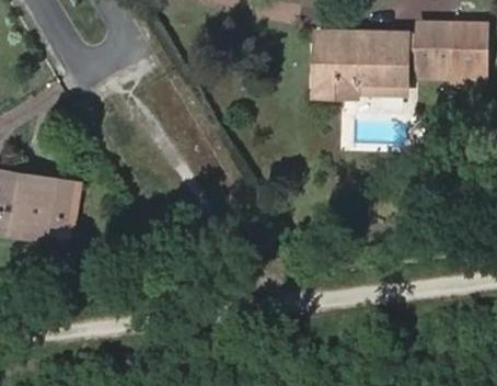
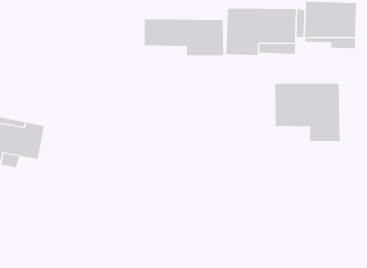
building: none -> [144,18,224,56]
building: none -> [275,83,340,142]

